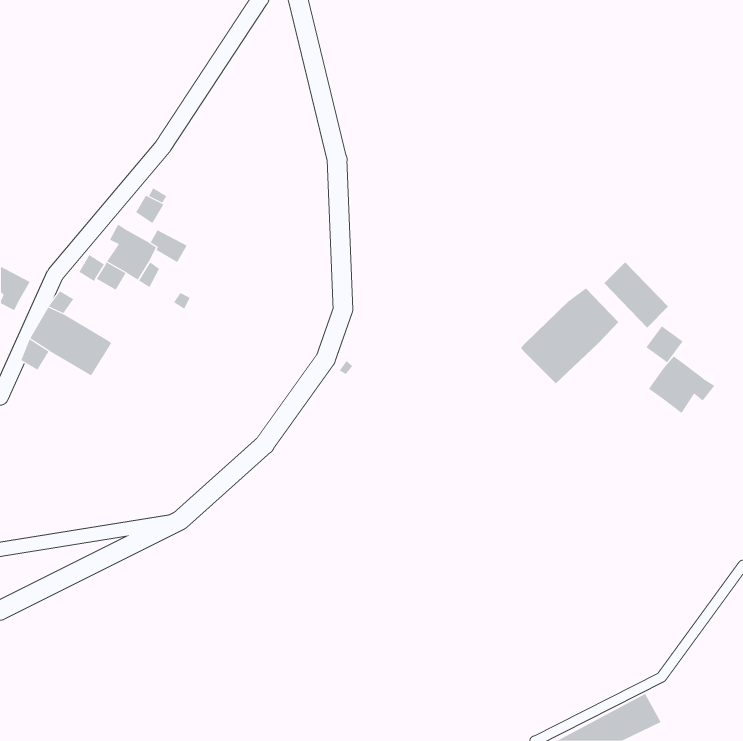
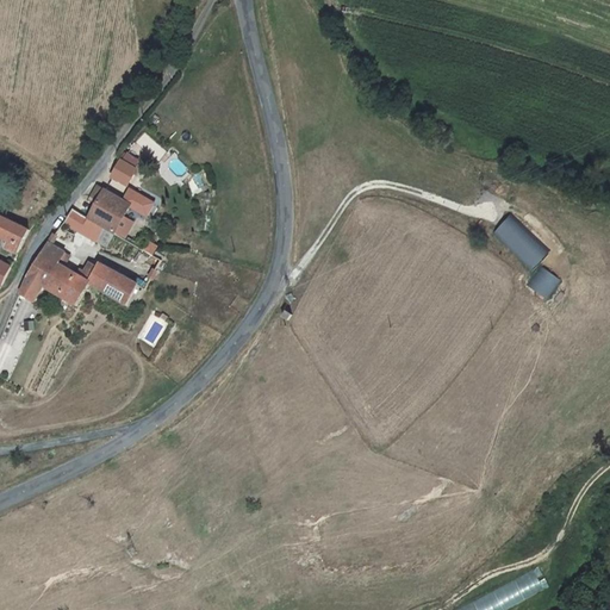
building: [520,287,619,384] -> none
building: none -> [88,263,137,303]
building: [648,356,715,414] -> none

